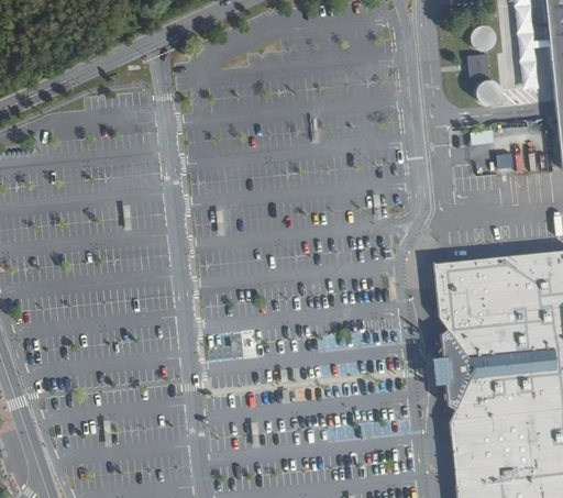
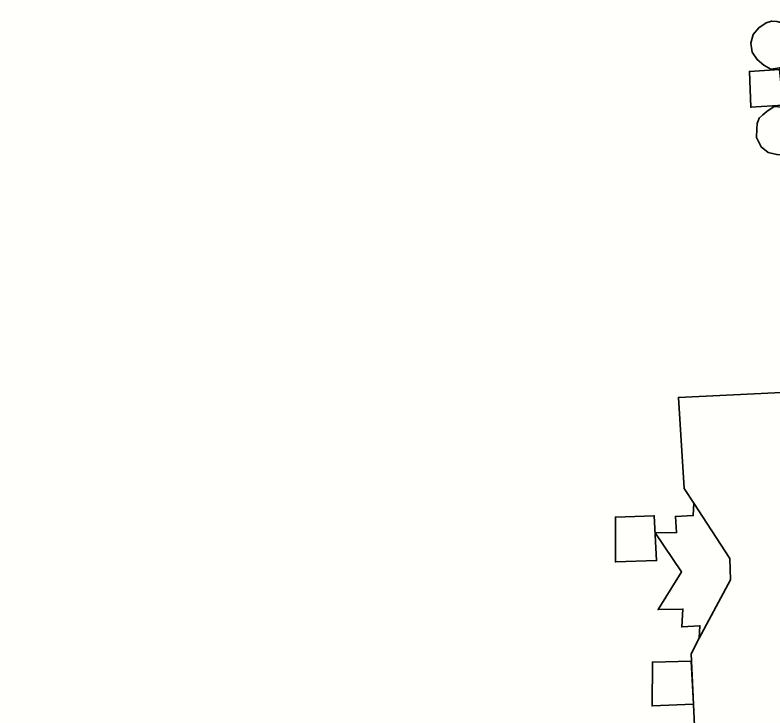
building: none -> [616,516,656,562]
building: none -> [652,661,693,706]

